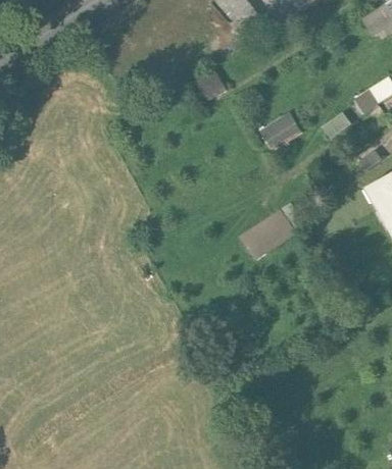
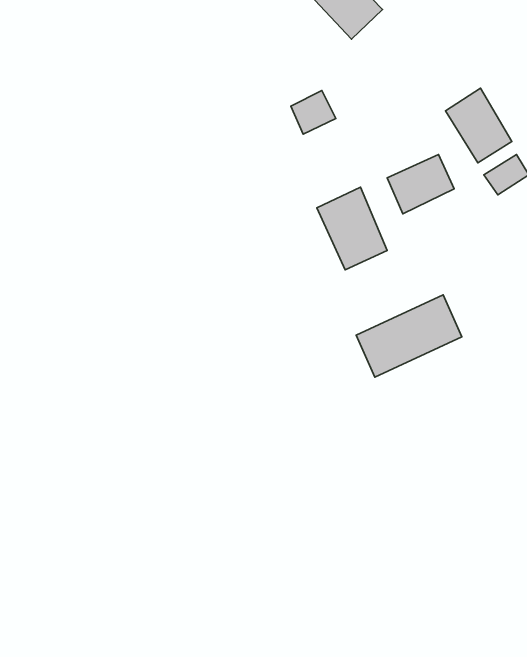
building: none -> [446,88,512,163]
building: none -> [317,187,387,270]

